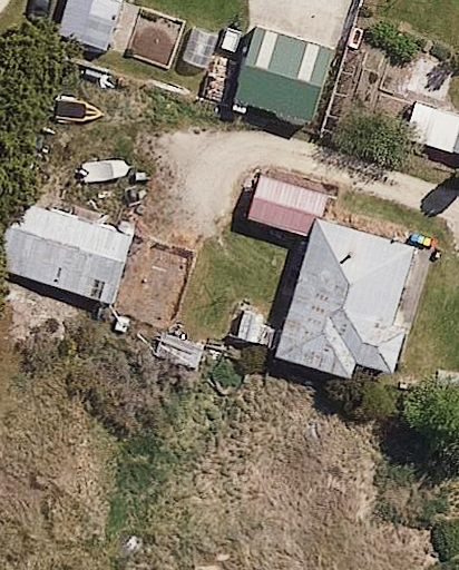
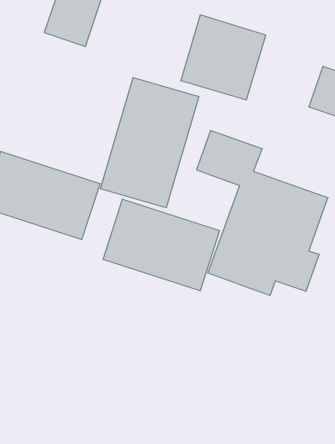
building: none -> [100,77,199,208]
building: none -> [103,199,219,291]

